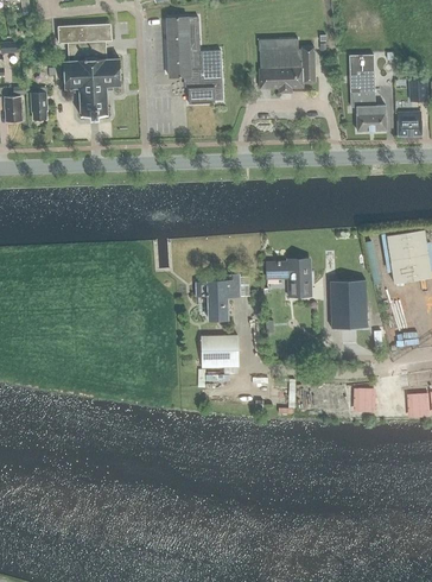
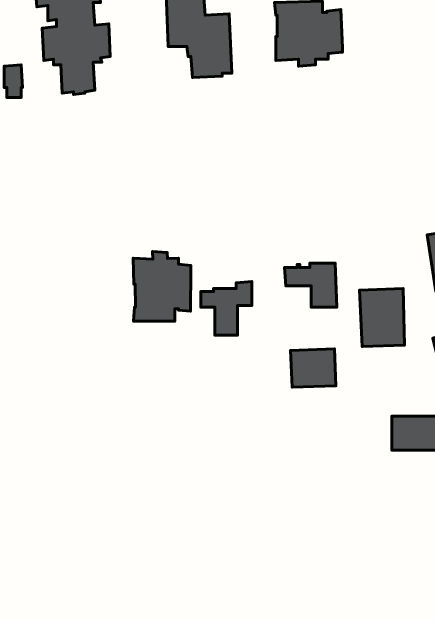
building: [349,53,386,129] -> none
building: none -> [133,251,191,321]
building: [201,335,239,367] -> [291,349,336,387]

